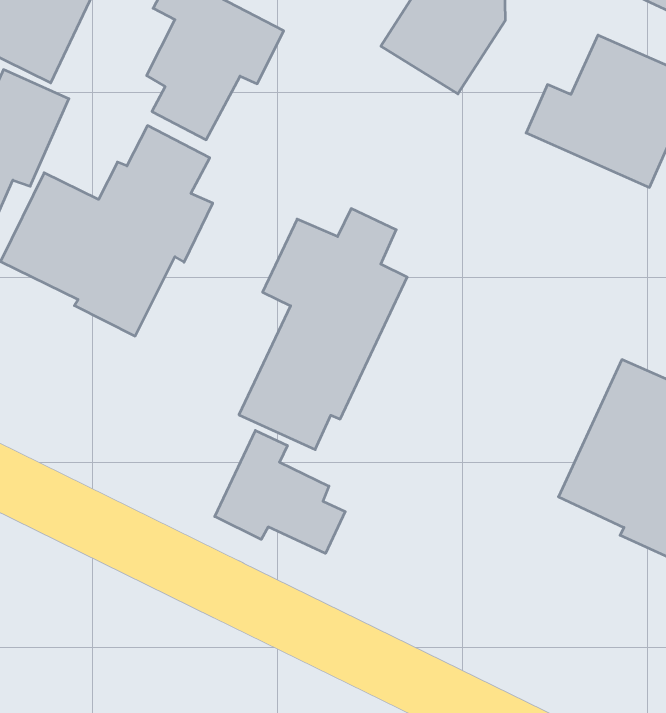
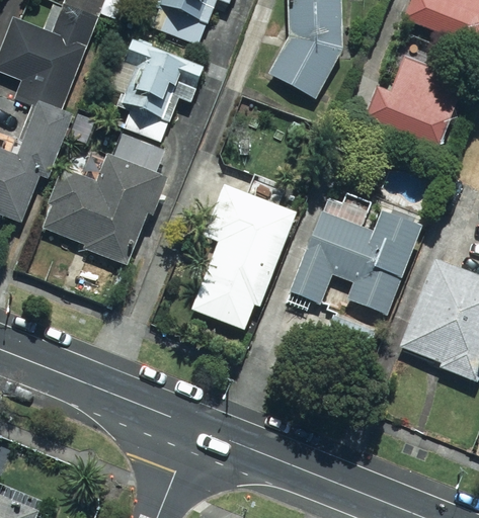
building: none -> [289,191,420,316]
building: [215,430,345,553] -> none

